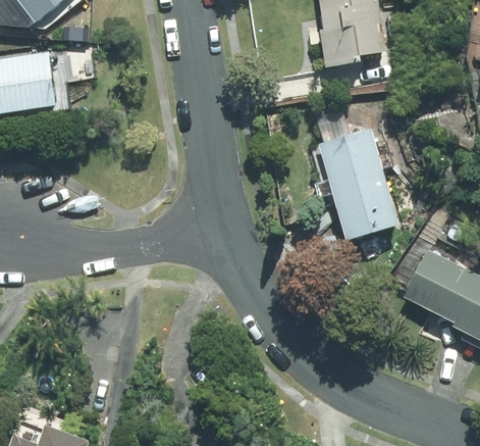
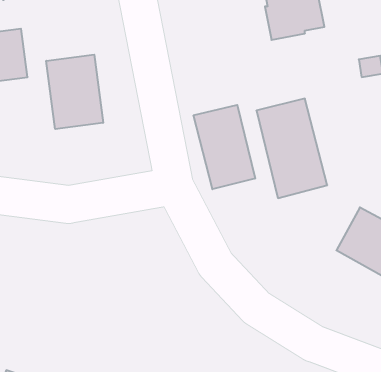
building: none -> [46,55,103,129]
building: none -> [194,105,255,189]

